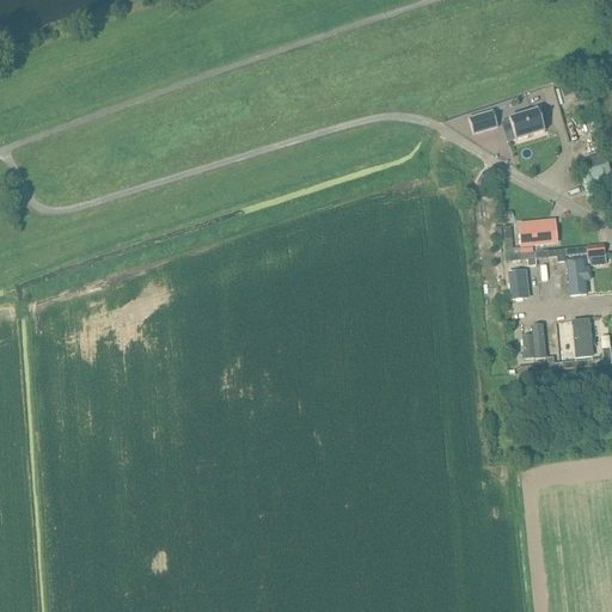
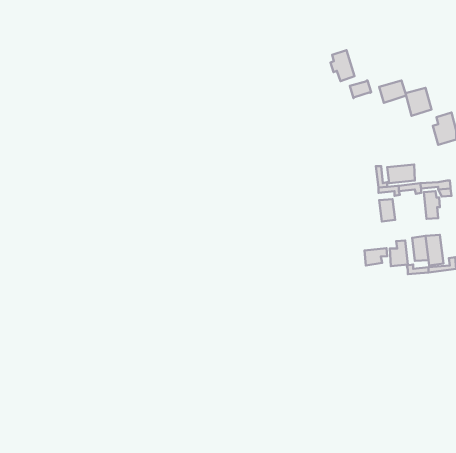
building: none -> [331,50,355,81]
building: none -> [405,88,431,116]
building: none -> [364,248,387,265]

